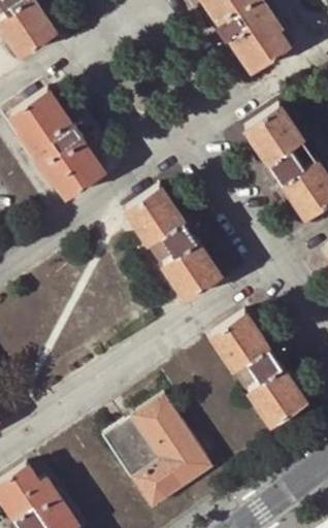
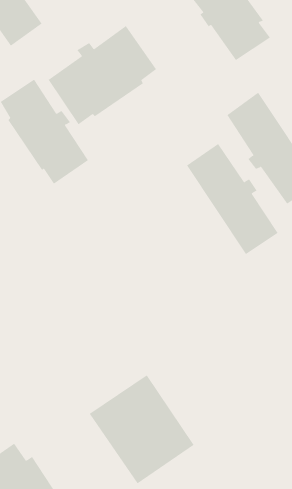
building: none -> [48,25,157,125]
building: [126,187,221,301] -> [186,143,279,255]
building: [210,311,306,428] -> none

